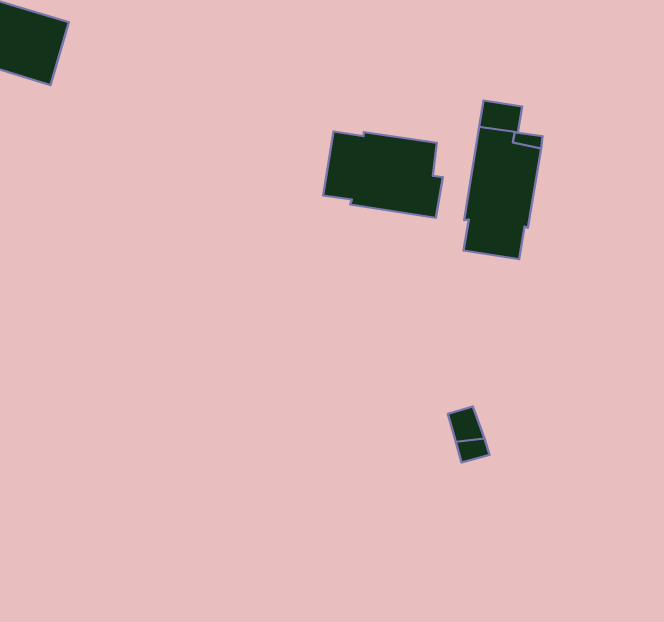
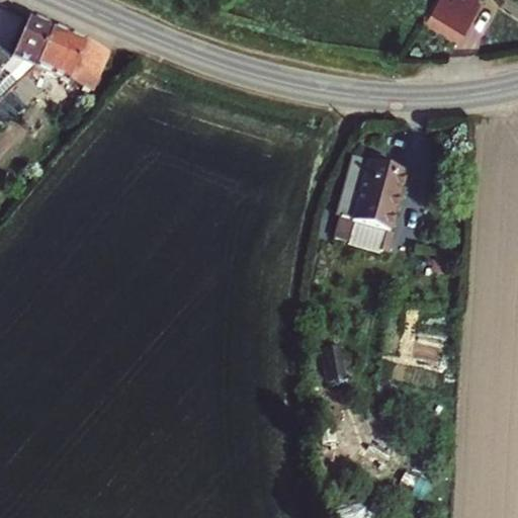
building: [323,131,443,218] -> none

